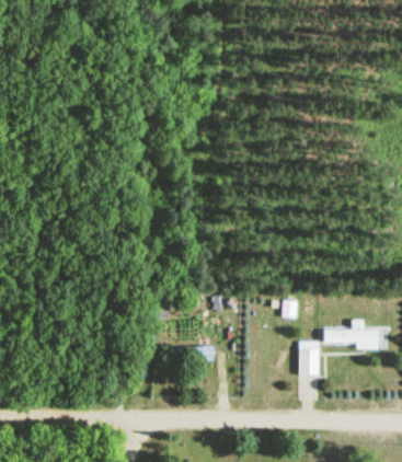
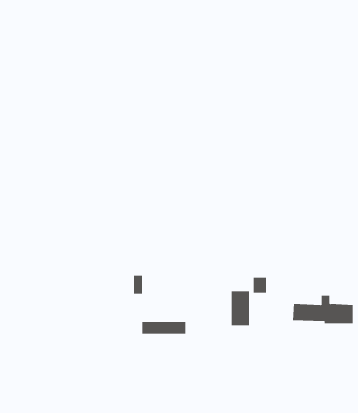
building: [299,340,319,377] -> [231,291,250,326]

